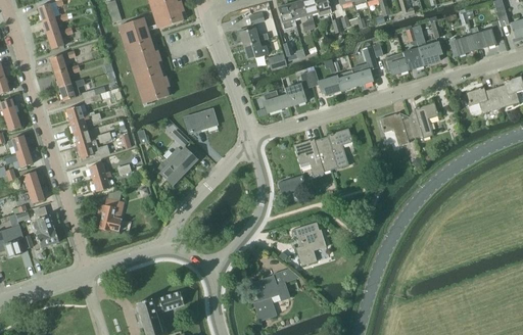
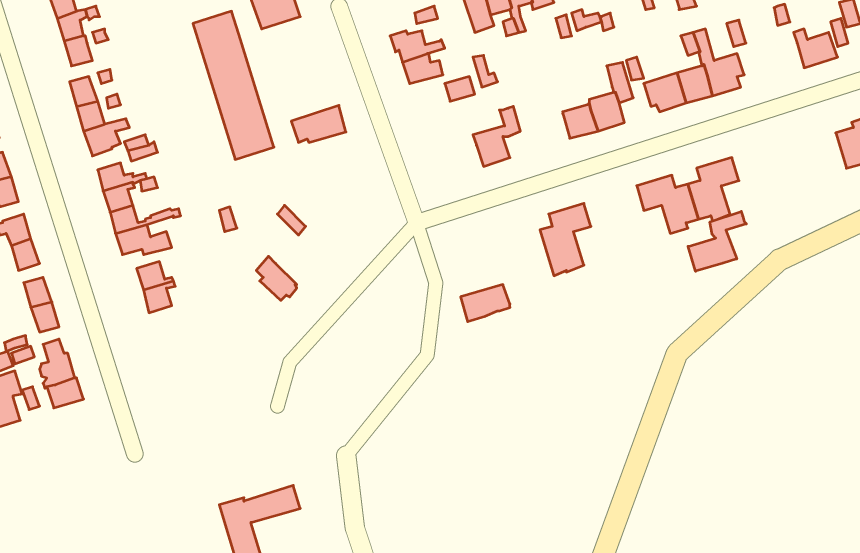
building: [448,35,476,56] -> none
building: [307,69,340,95] -> none
building: [466,86,501,112] -> none
building: [264,91,290,112] -> none
building: [185,108,217,130] -> [291,105,346,142]
building: none -> [688,211,746,271]
building: [293,138,331,175] -> none
building: [165,147,197,175] -> none
building: [98,197,125,230] -> none
building: [295,221,326,265] -> none
building: [252,268,299,320] -> none

